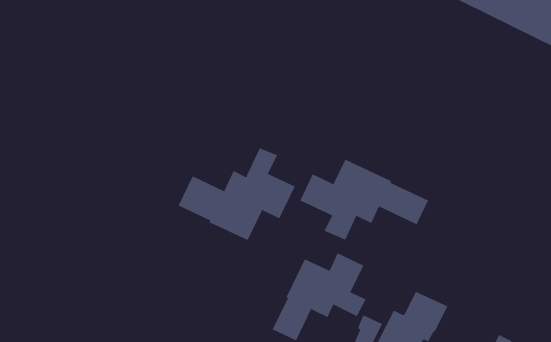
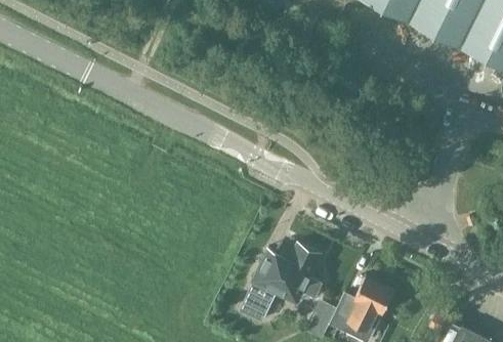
building: [178,147,295,241] -> none
building: [299,159,429,241] -> none

